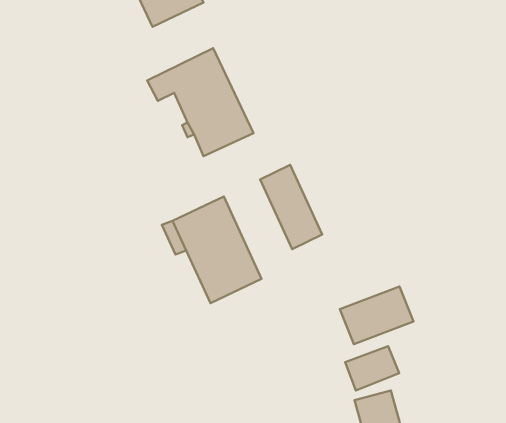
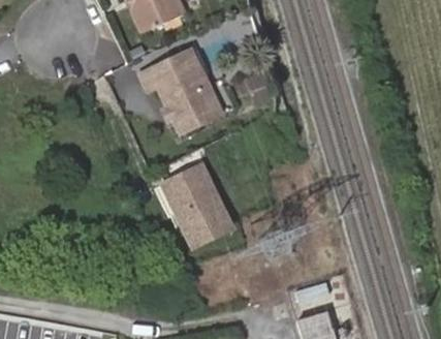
building: [260,165,322,249] -> none
building: [340,286,413,344] -> none

